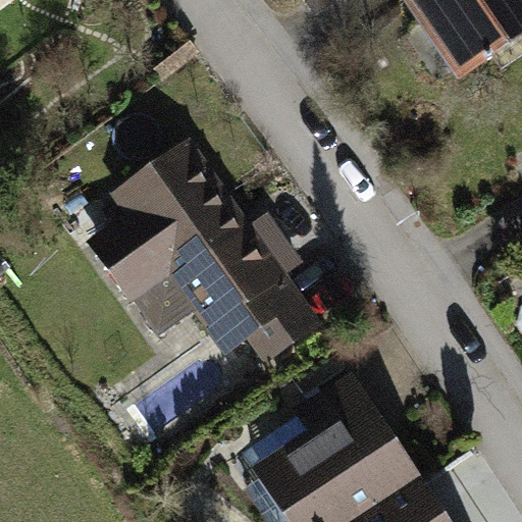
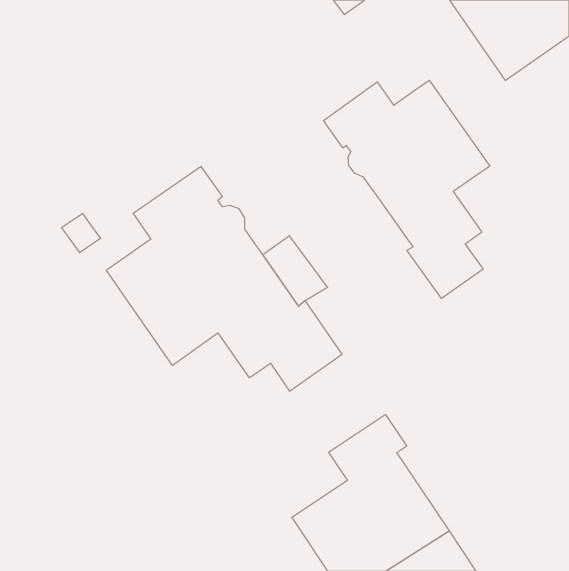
building: none -> [324,80,490,298]

